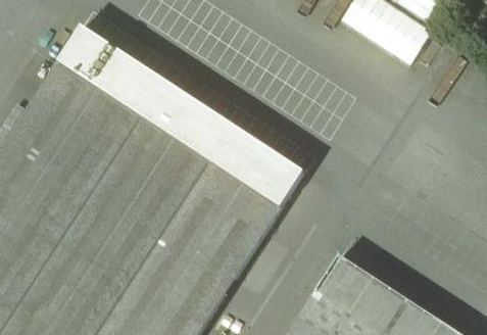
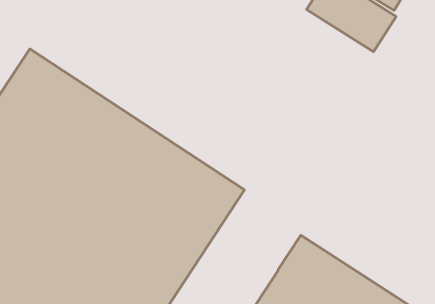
building: [58,29,304,209] -> none

